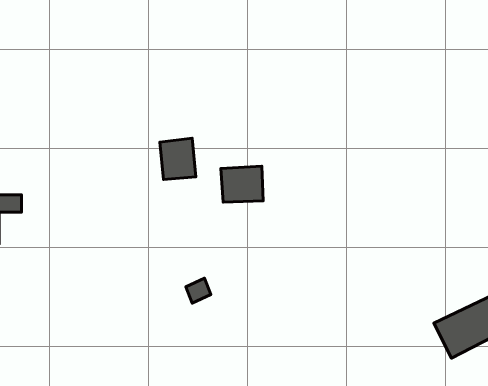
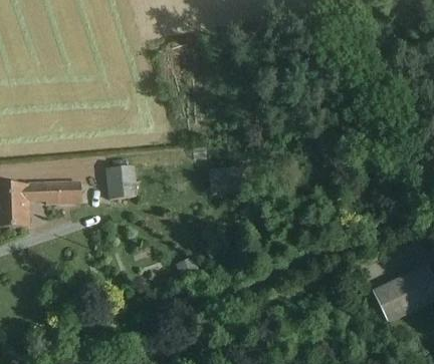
building: [160,138,196,179] -> [104,163,134,197]
building: none -> [44,184,77,204]

